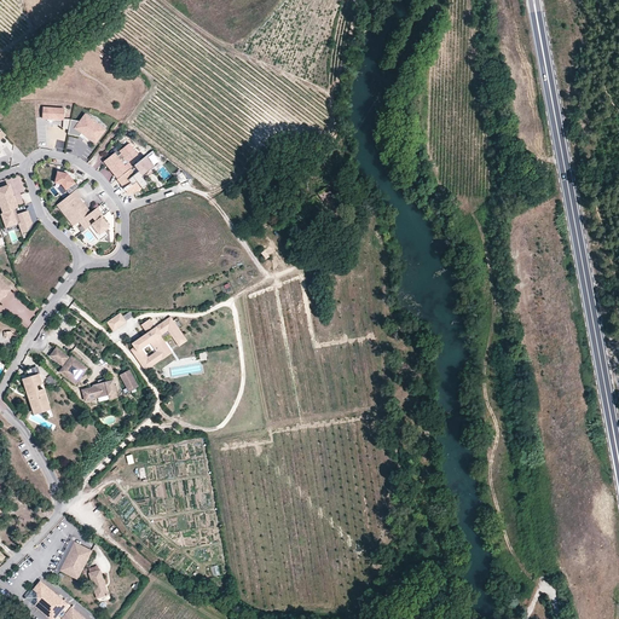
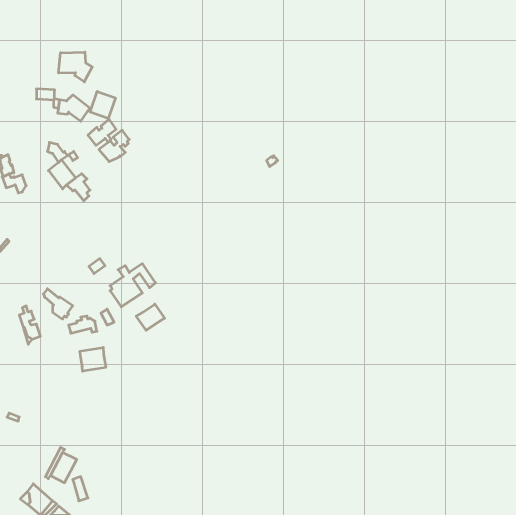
building: none -> [59,52,92,82]
building: none -> [90,91,115,119]
building: none -> [136,304,165,330]
building: none -> [80,347,106,371]

